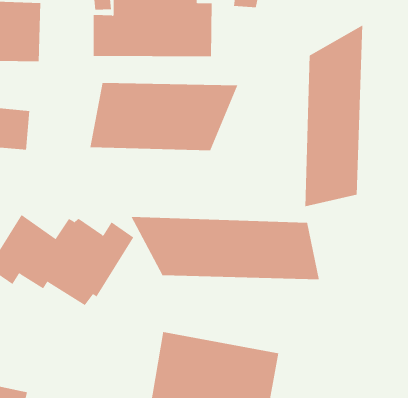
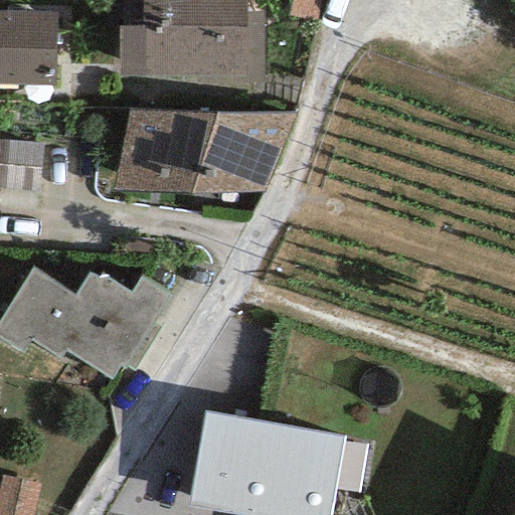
building: [305,25,363,207] -> none
building: [131,216,320,280] -> none

